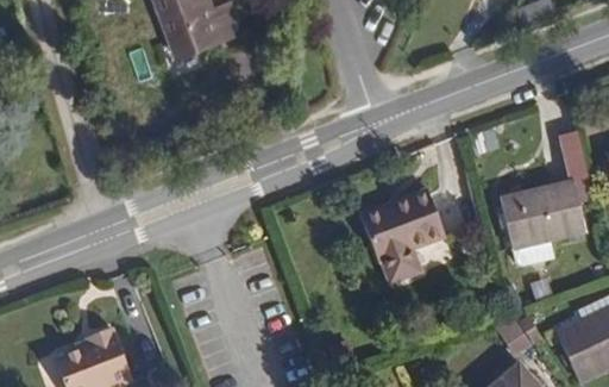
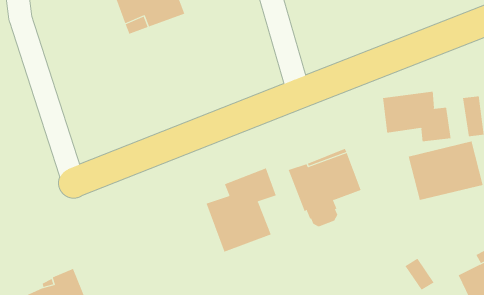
building: none -> [382,91,451,142]
building: none -> [206,168,276,252]

